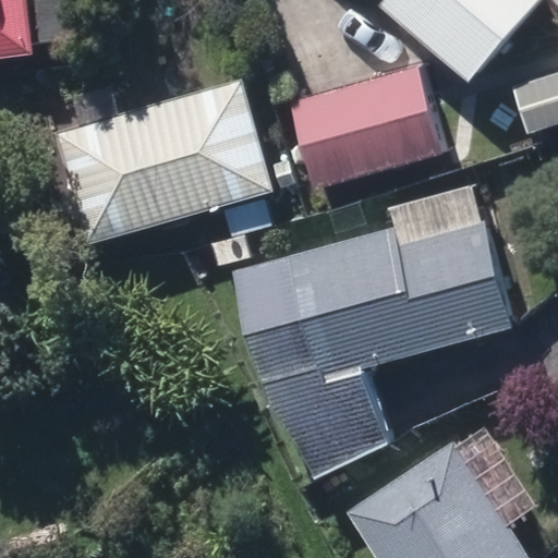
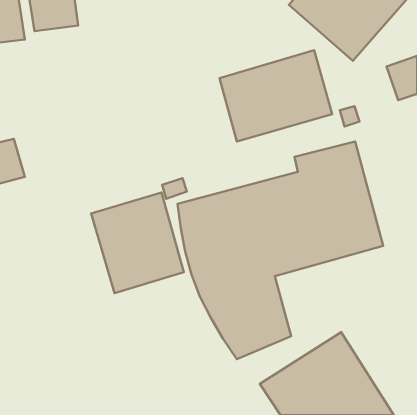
building: [58,82,272,243] -> none
building: none -> [91,193,184,293]

